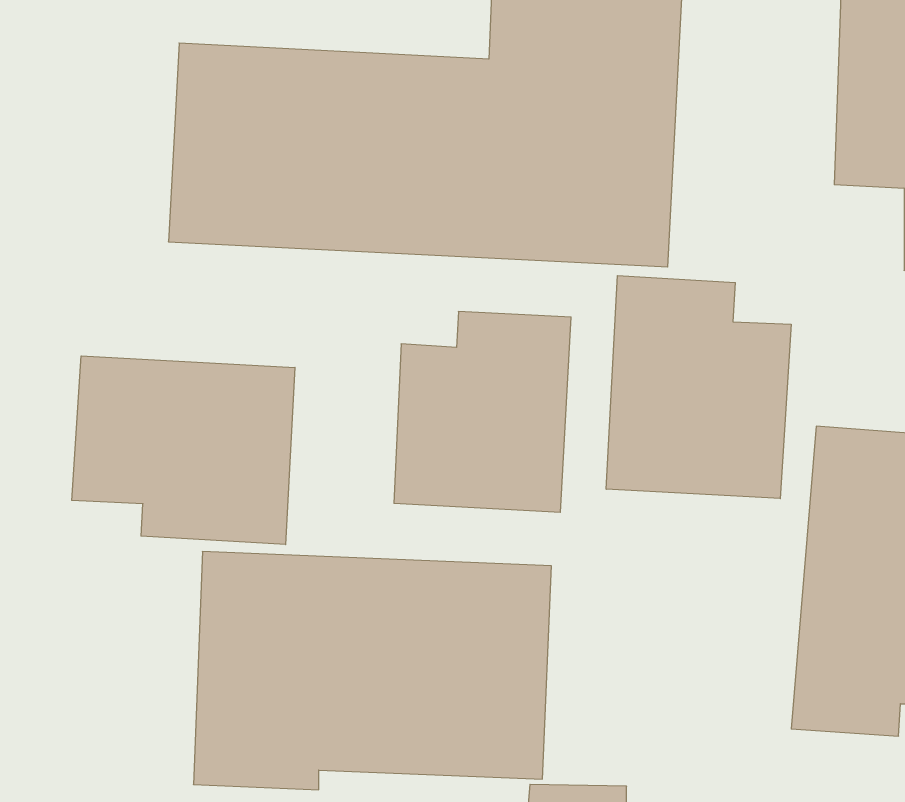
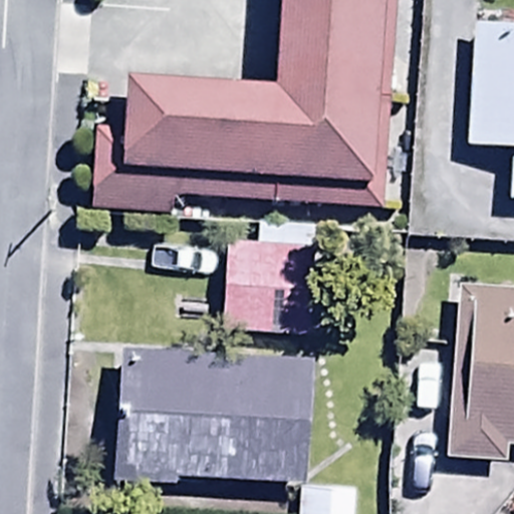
building: [606,276,791,499] -> none
building: [72,356,295,545] -> none

